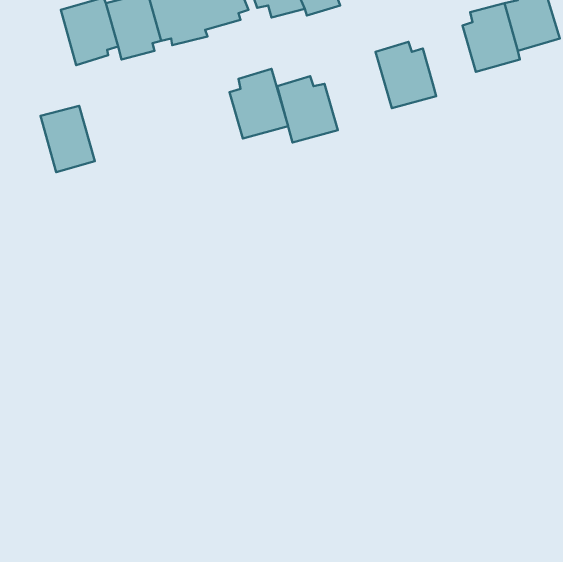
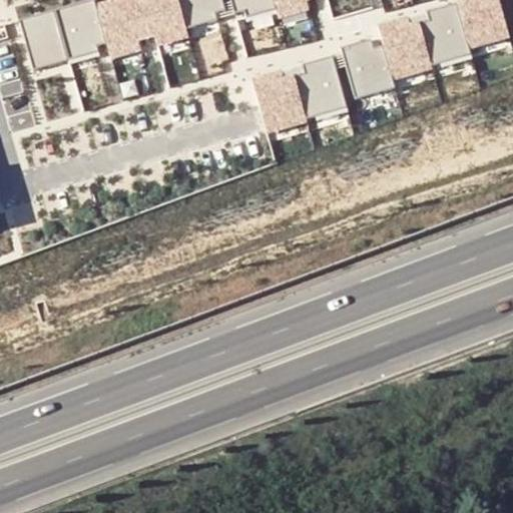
building: none -> [379,16,433,76]
building: [230,69,288,138] -> [296,55,349,118]
building: [41,106,95,172] -> [21,9,70,69]

